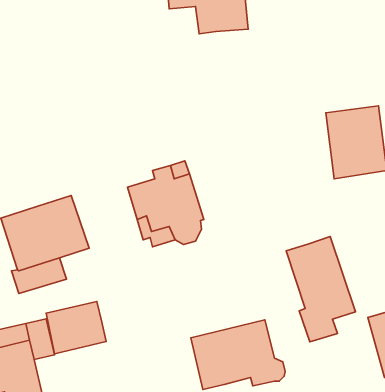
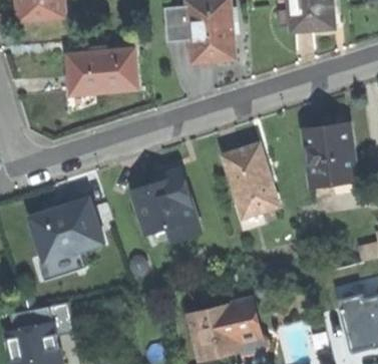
building: none -> [65,44,138,114]
building: [286,237,355,342] -> [222,142,280,231]
building: [46,301,106,354] -> none

